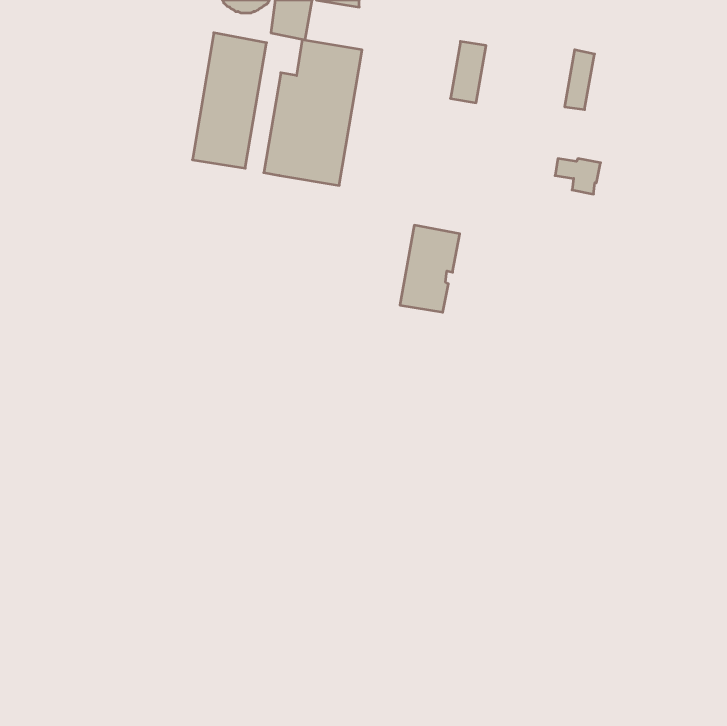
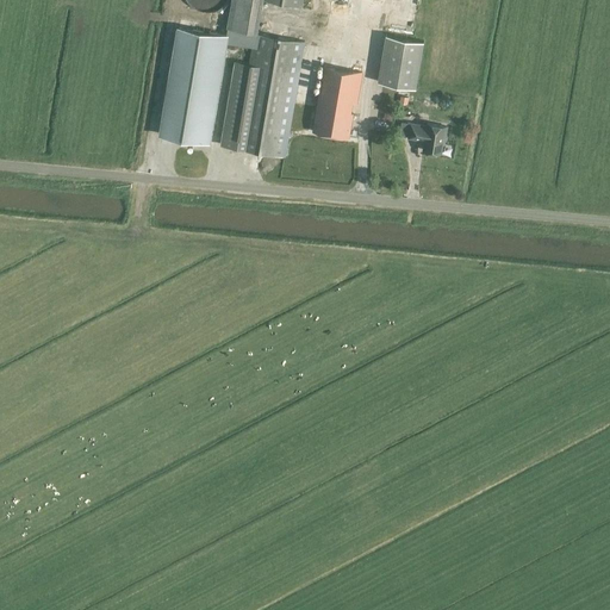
building: [565,50,595,110] -> [398,41,423,91]
building: [555,159,601,194] -> [407,126,446,156]
building: [400,225,460,312] -> [311,67,361,139]

